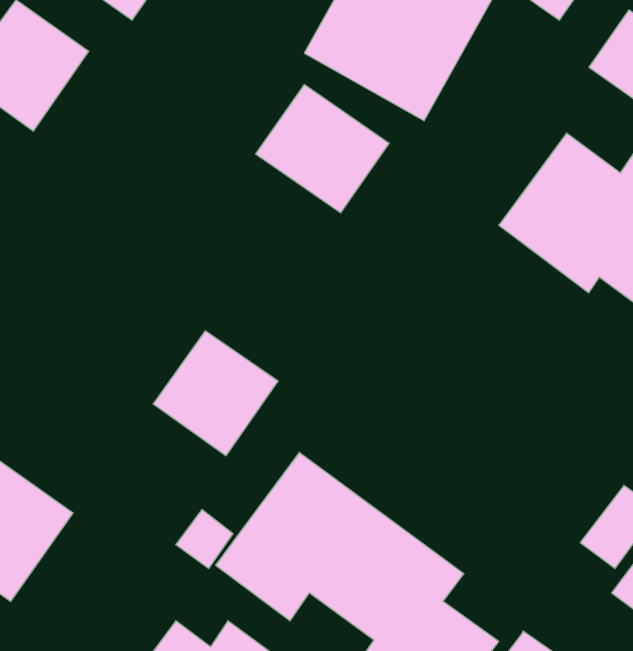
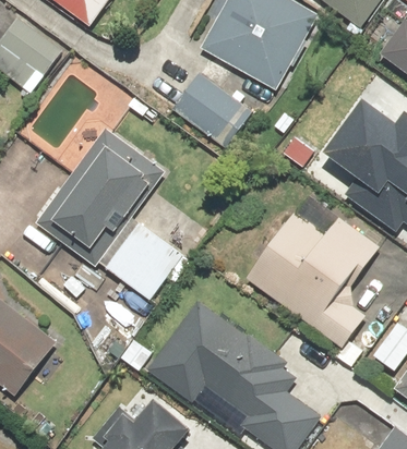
building: none -> [36,126,166,255]
building: none -> [247,210,380,350]

